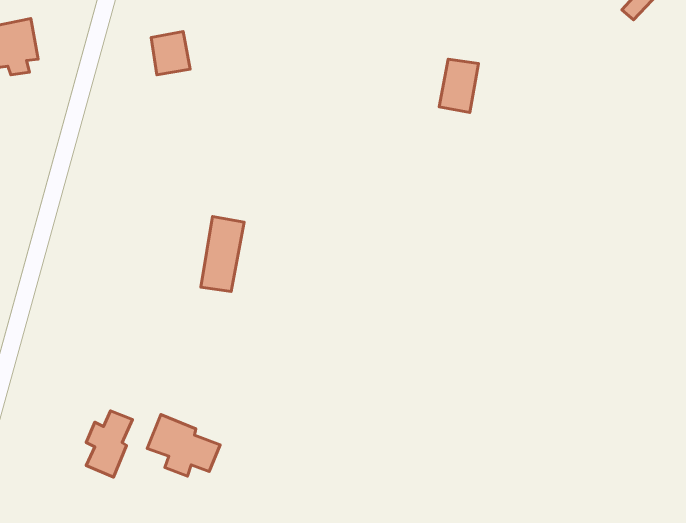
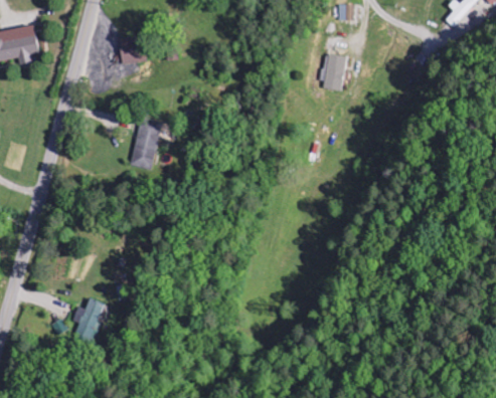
building: [201,216,244,292] -> [132,117,162,169]
building: [147,415,220,476] -> none

